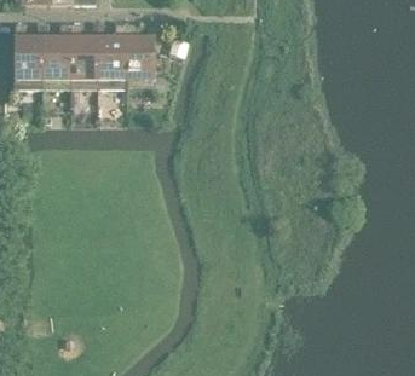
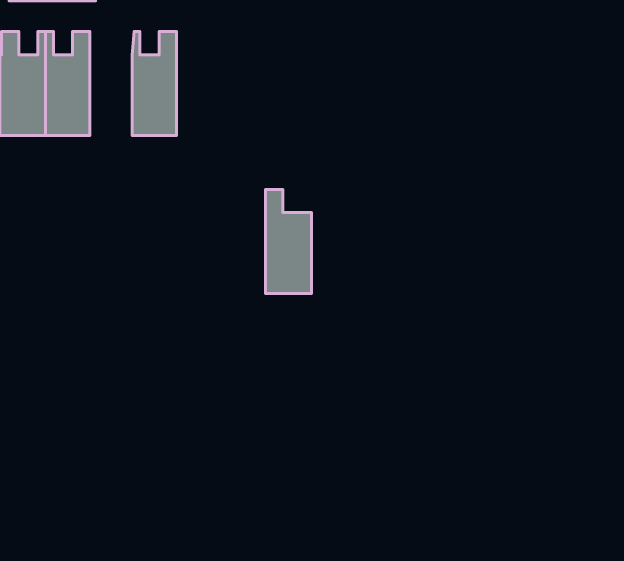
building: [70,22,97,87] -> none
building: [125,22,154,87] -> [265,189,312,293]

